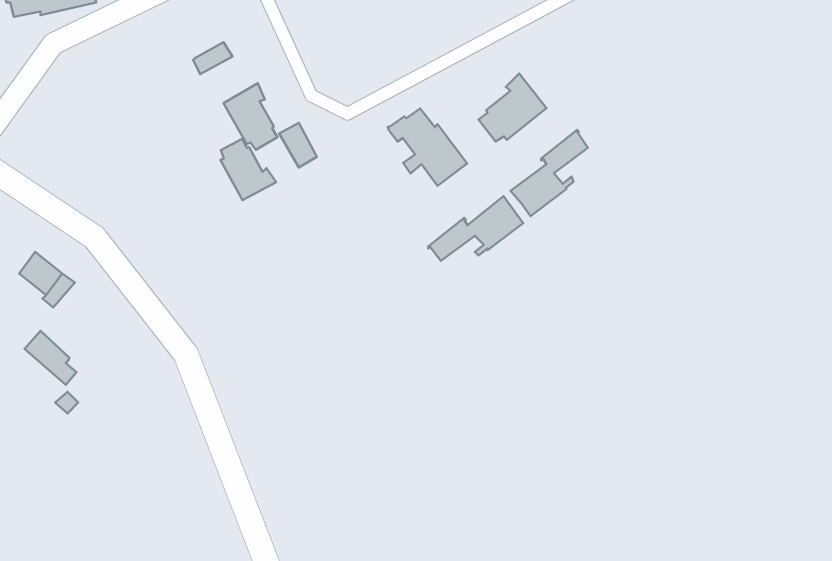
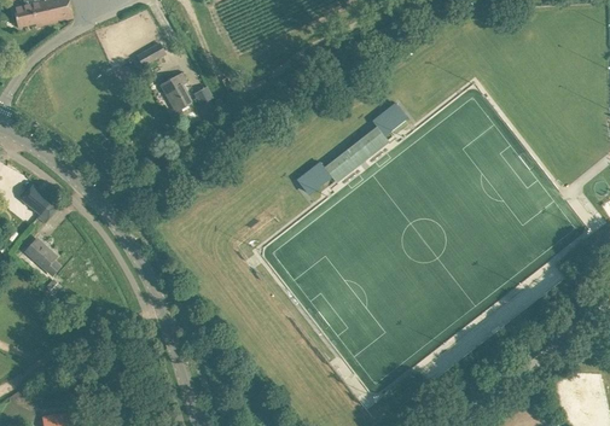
building: [479,74,546,142] -> none
building: [388,109,467,186] -> none
building: [221,139,276,200] -> none

